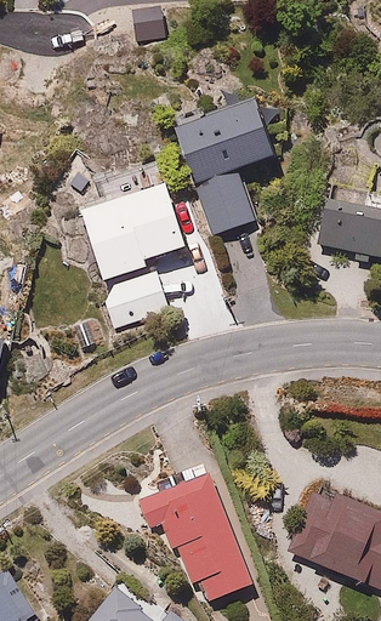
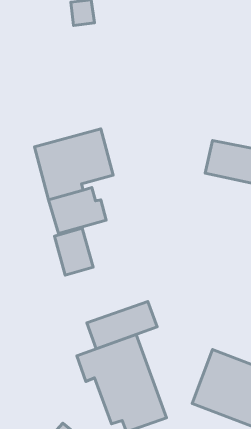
building: [171,99,274,235] -> none
building: none -> [55,228,93,275]
building: none -> [87,301,157,349]

